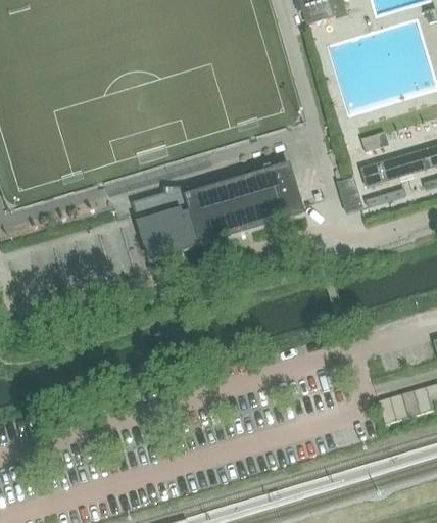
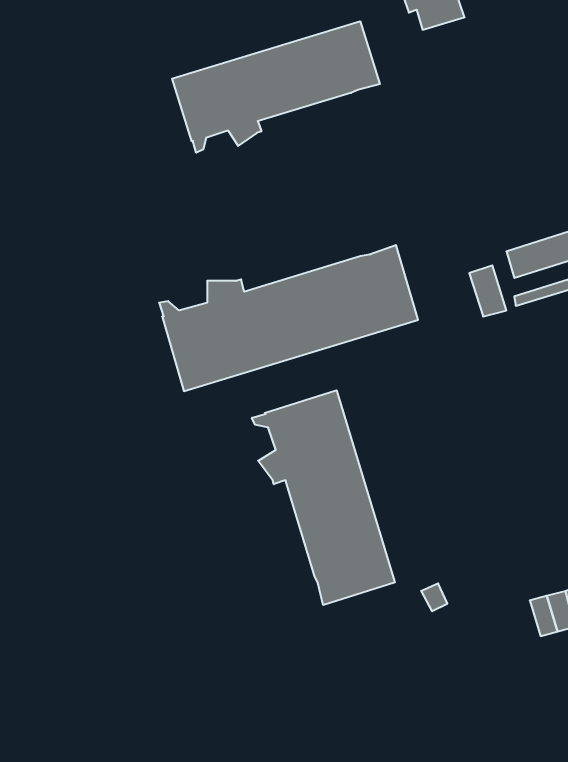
building: none -> [172,21,380,153]
building: none -> [252,390,395,605]

